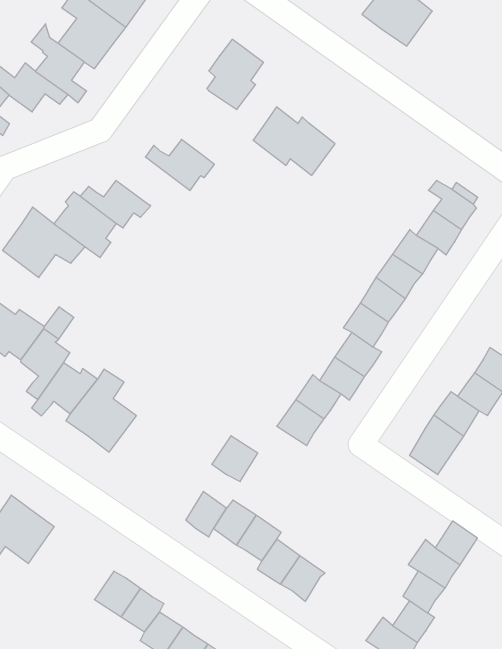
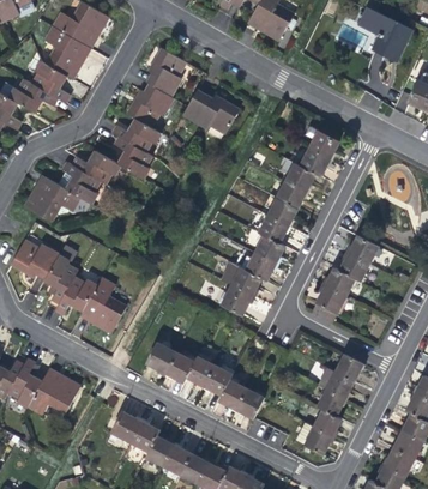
building: none -> [128,84,173,127]
building: none -> [115,137,151,179]
building: [212,436,258,482] -> [146,343,176,373]

